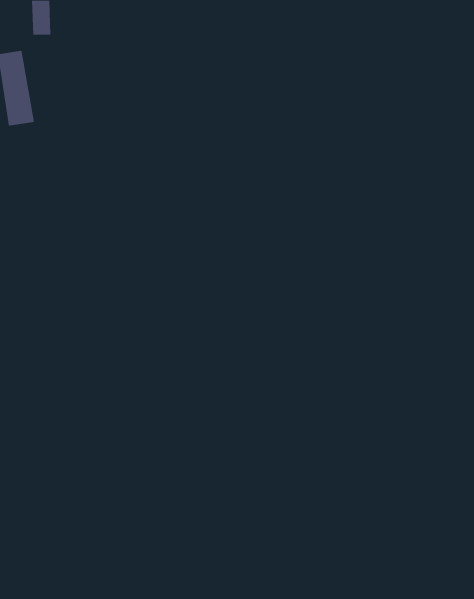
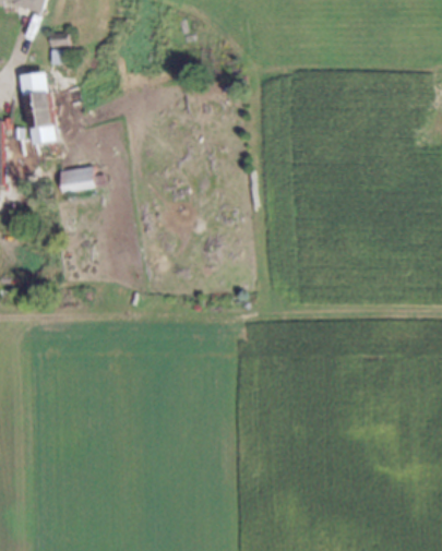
building: none -> [59,165,94,193]

